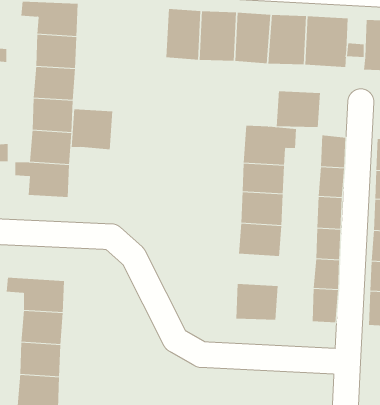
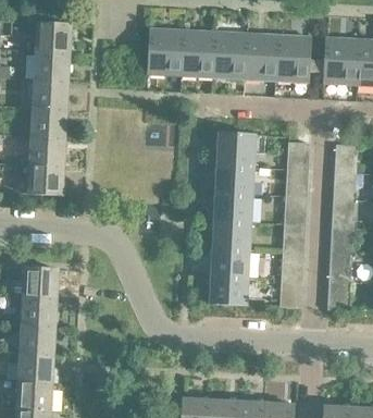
building: [276,91,320,128] -> none
building: [71,108,113,150] -> none
building: none -> [212,246,250,274]

